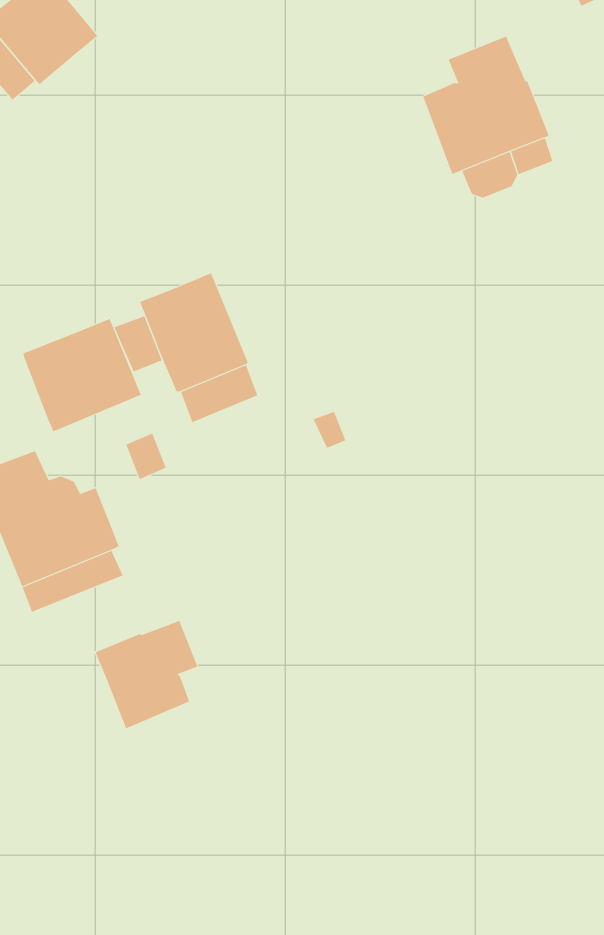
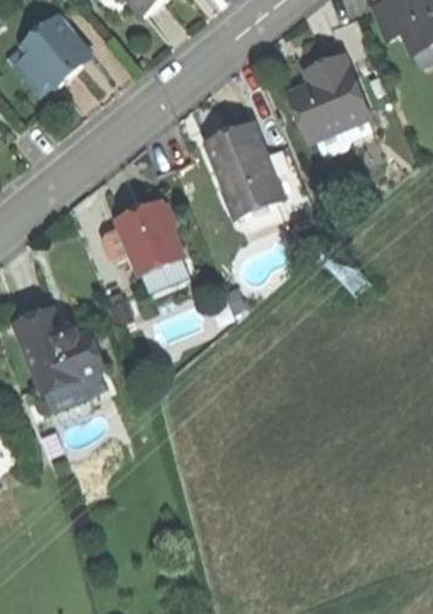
building: none -> [205,121,282,215]
building: [23,318,142,432] -> none
building: [95,620,198,729] -> none

